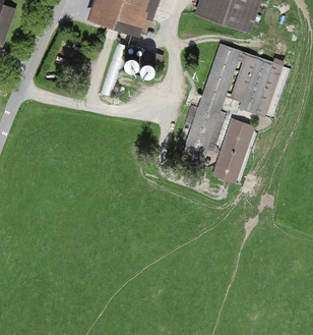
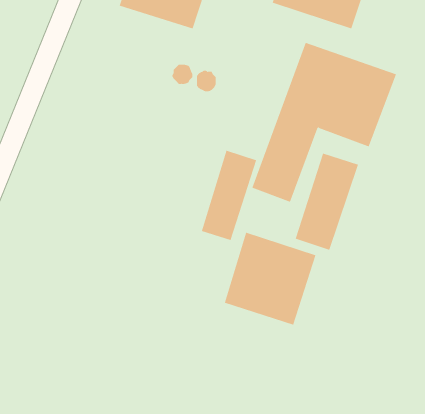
building: none -> [201,150,257,241]
building: none -> [224,232,316,326]

